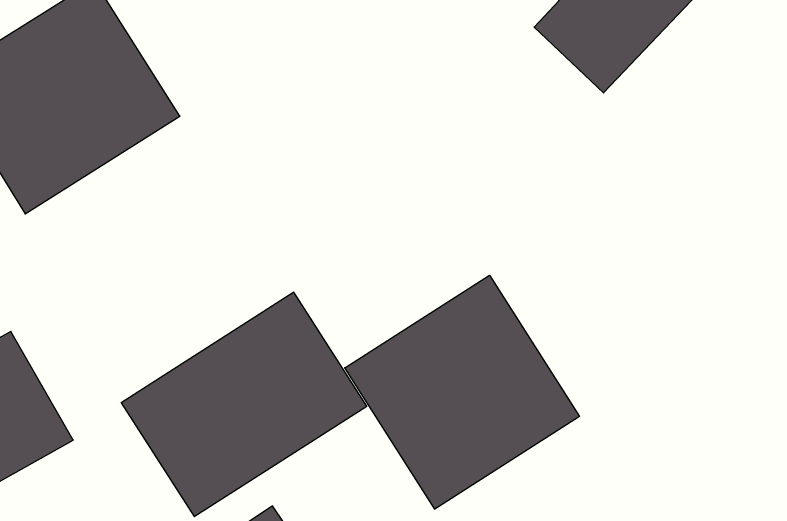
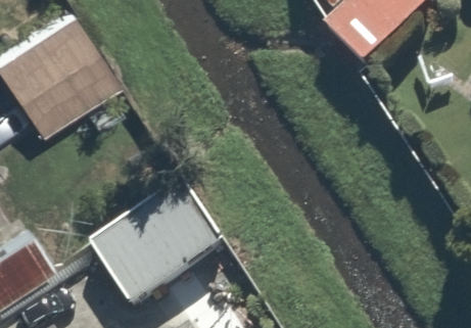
building: [345,275,580,509] -> none

